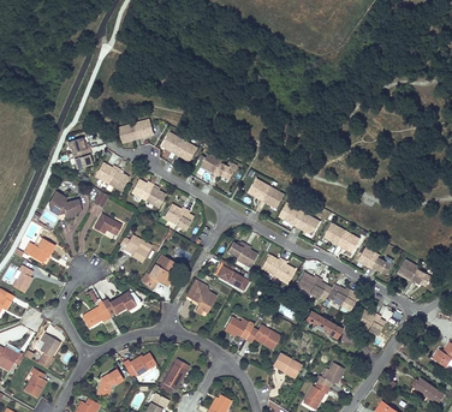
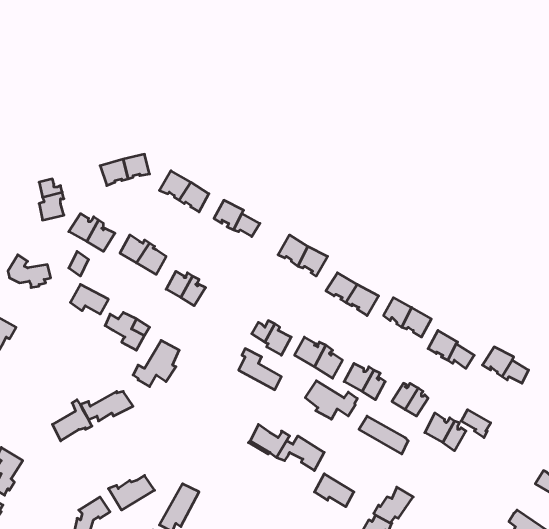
building: [186,280,216,316] -> none
building: none -> [305,381,357,419]

